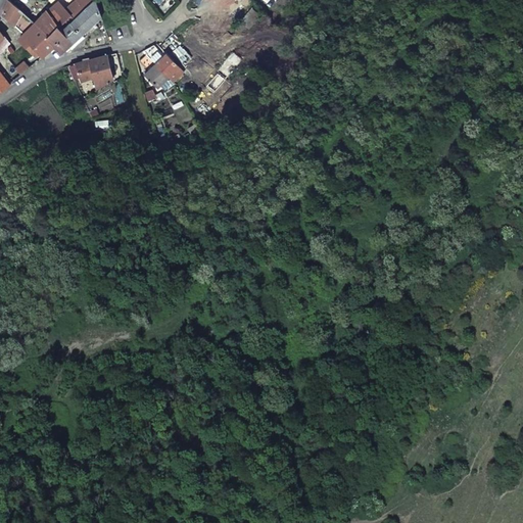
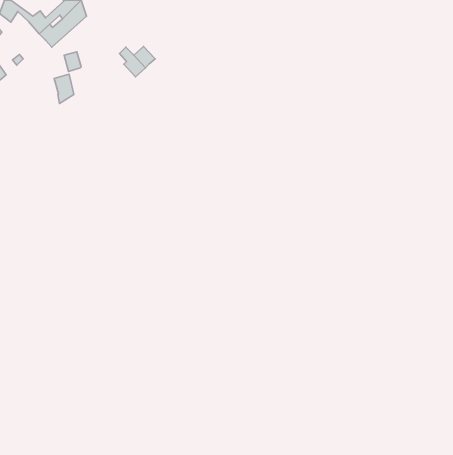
building: [16,26,52,57] -> none
building: [88,55,110,89] -> [54,74,74,104]

